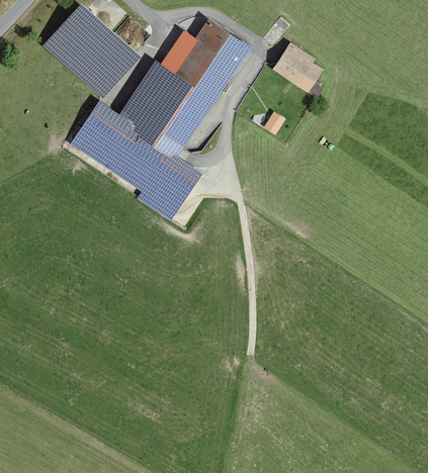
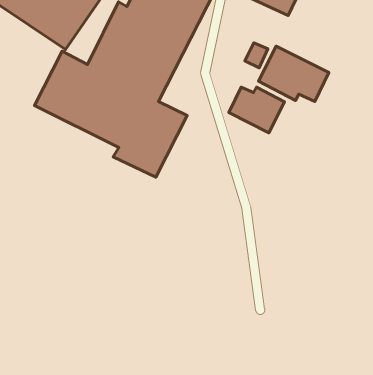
building: none -> [258,46,329,101]
building: none -> [229,87,284,133]

